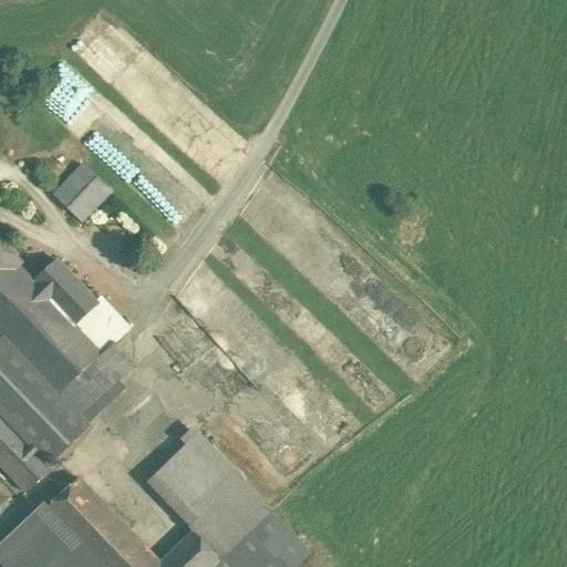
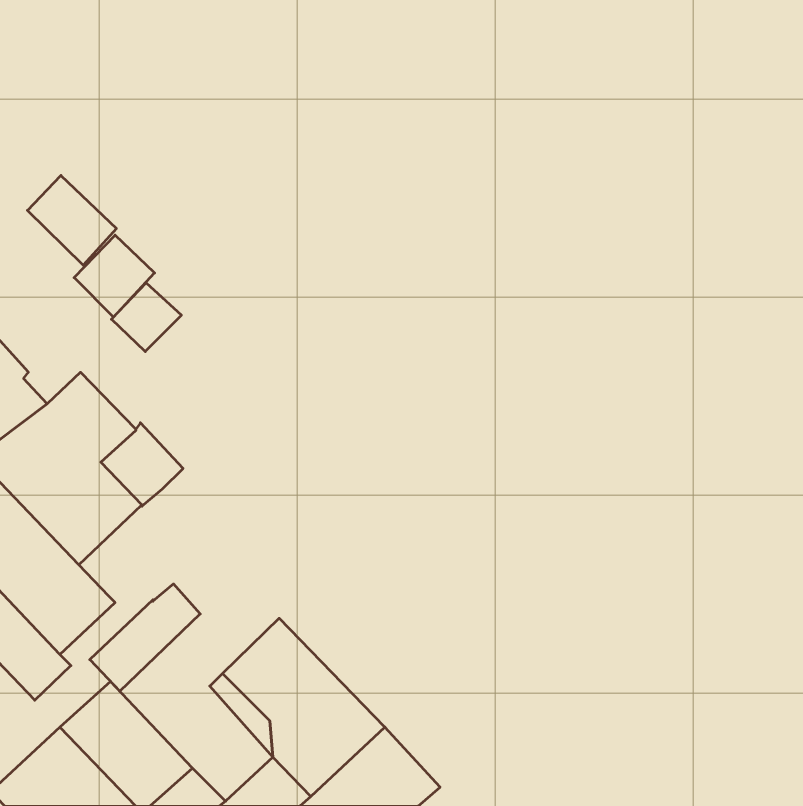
building: none -> [27,175,116,265]
building: none -> [111,283,181,352]
building: [55,343,133,419] -> [90,584,200,691]

